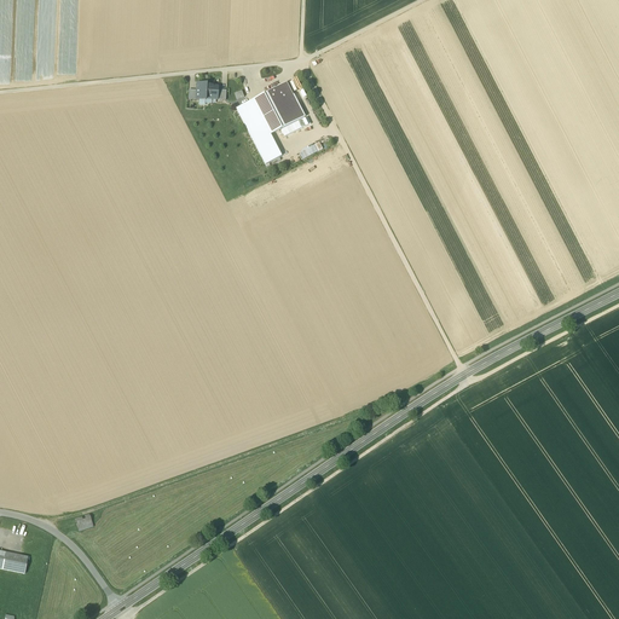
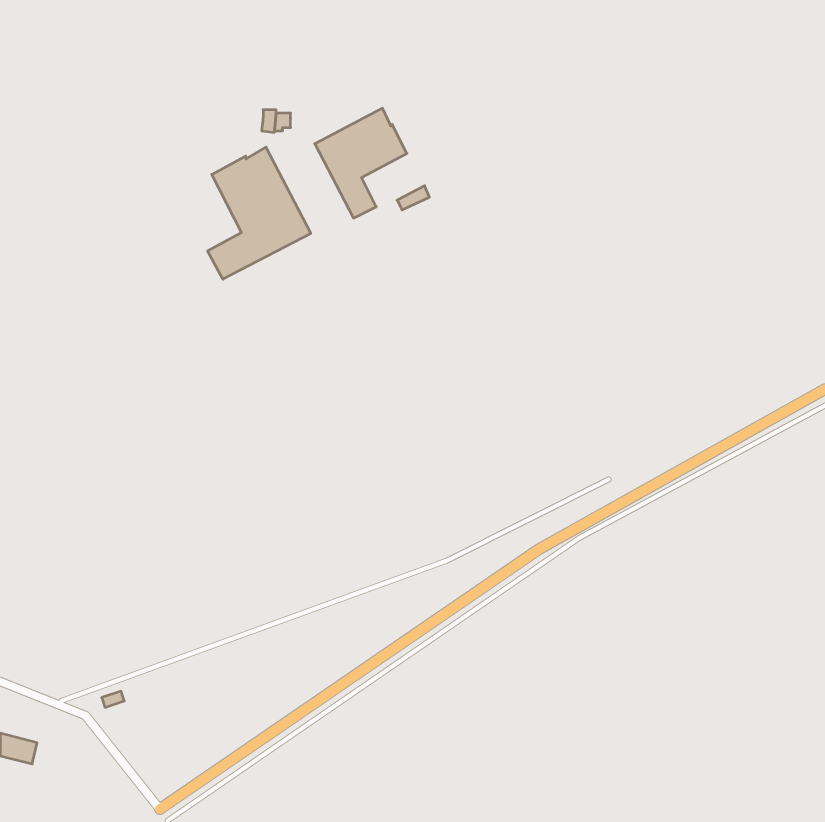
building: none -> [208,147,311,279]

